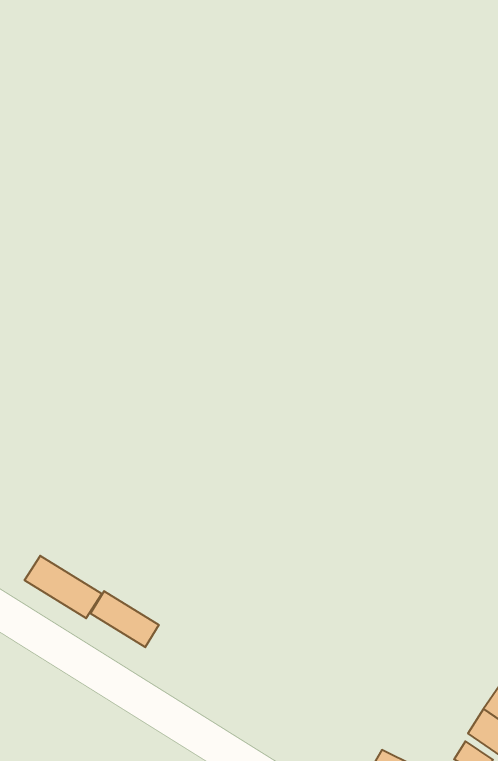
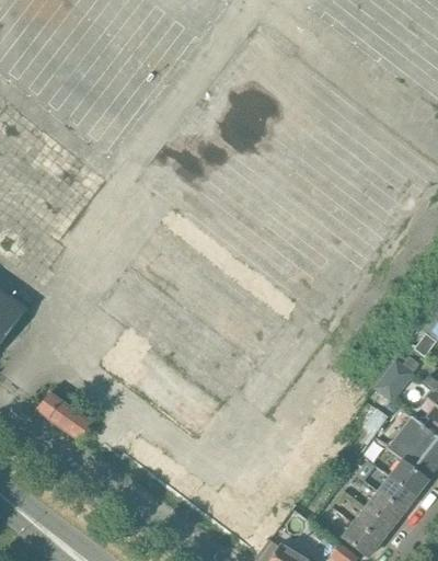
building: [91,591,159,647] -> none

